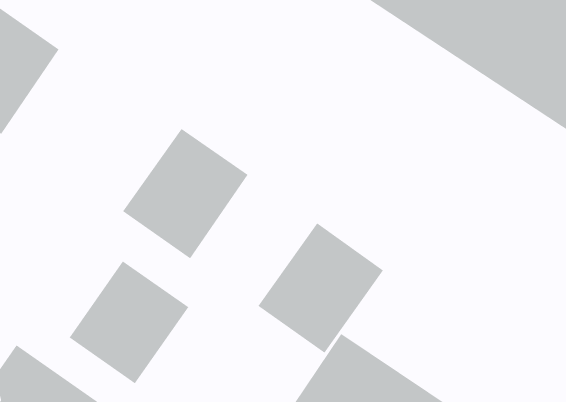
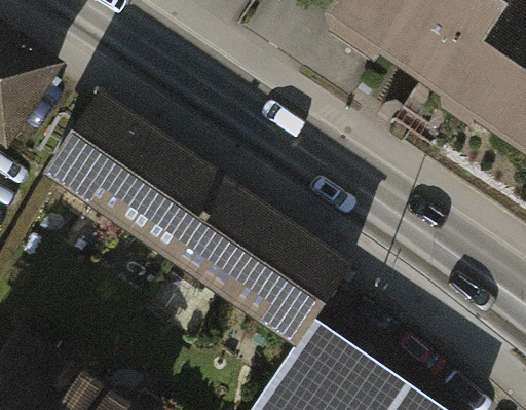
building: none -> [54,94,168,212]
building: none -> [177,179,291,297]
building: [69,261,189,384] -> none

